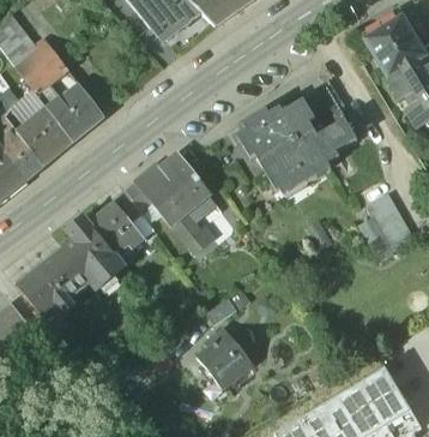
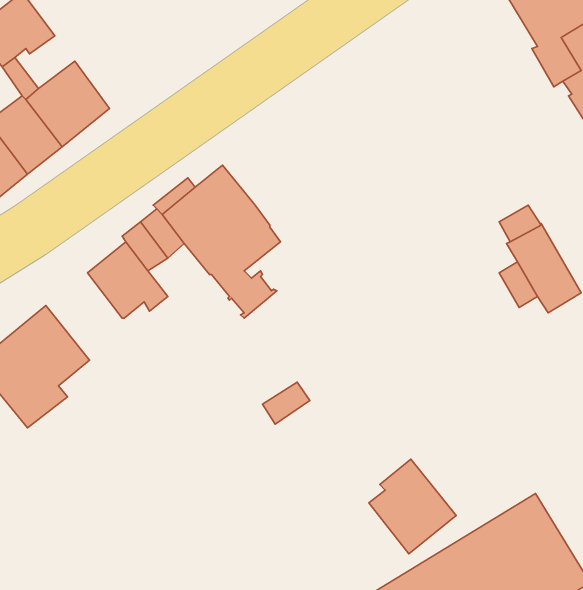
building: [237,85,355,190] -> none
building: [62,218,123,289] -> none
building: [194,327,252,389] -> [369,459,456,554]

